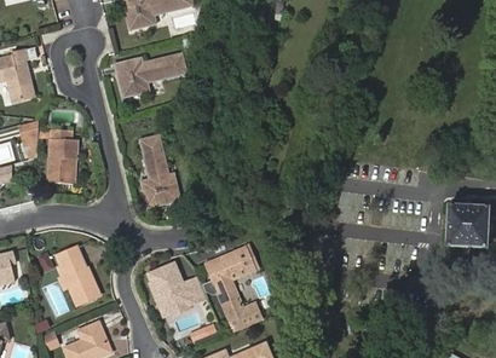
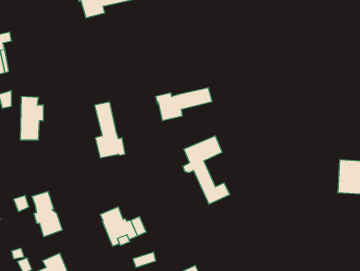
building: [114,53,185,94] -> [155,88,212,121]
building: [204,246,264,331] -> [183,136,230,204]

